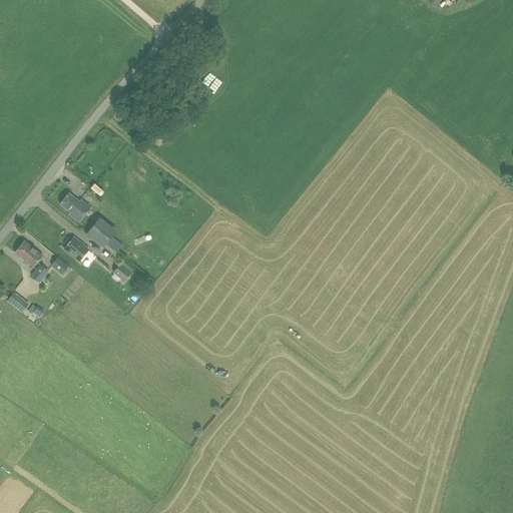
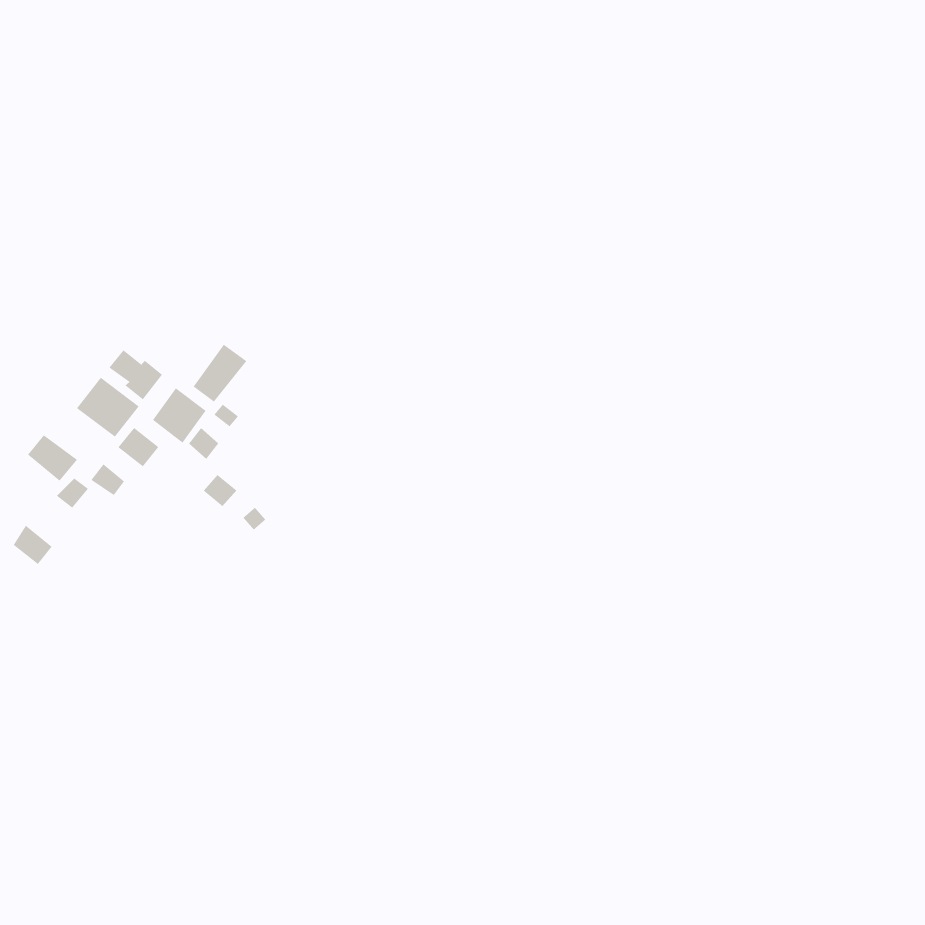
building: none -> [193,344,247,402]
building: none -> [76,377,140,438]

